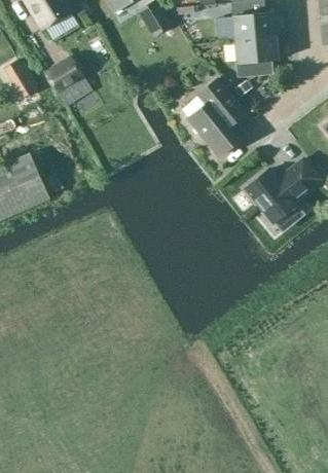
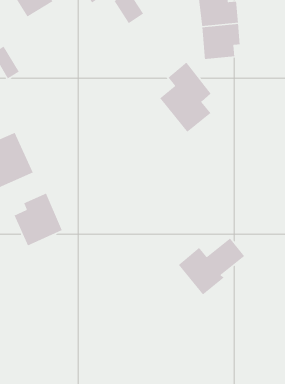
building: [46,56,92,105] -> none
building: [246,157,320,221] -> [178,238,245,296]
building: none -> [14,192,63,246]

